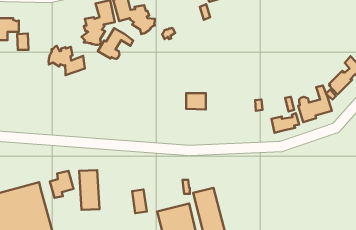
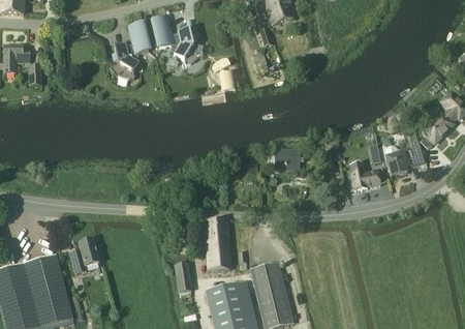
building: [98,28,133,59] -> none
building: [48,46,85,75] -> none
building: [186,93,206,110] -> [274,149,299,170]
building: [79,170,100,210] -> [205,218,230,269]

